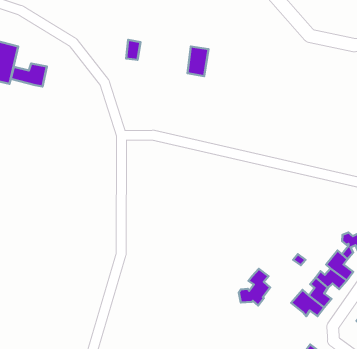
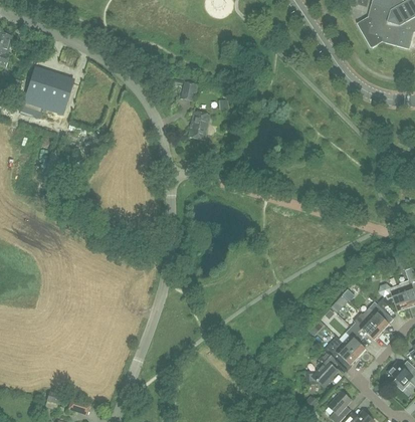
building: [188,46,208,76] -> [188,110,210,140]
building: [11,63,47,87] -> none
building: [239,269,270,306] -> [306,351,338,387]

